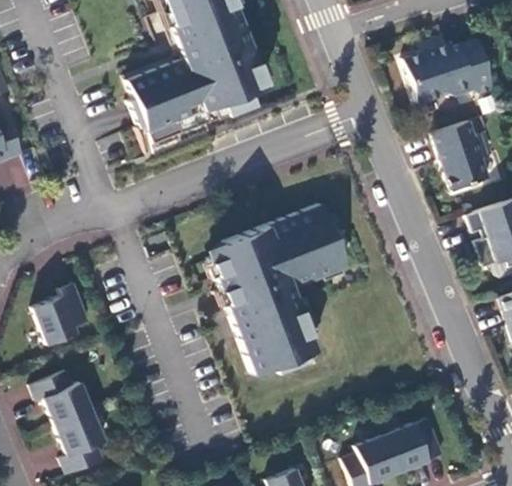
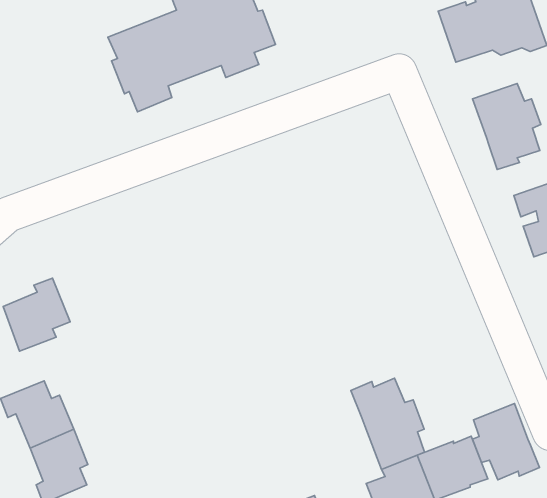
building: [209,202,347,374] -> none
building: none -> [351,378,424,469]
building: none -> [473,404,539,480]

